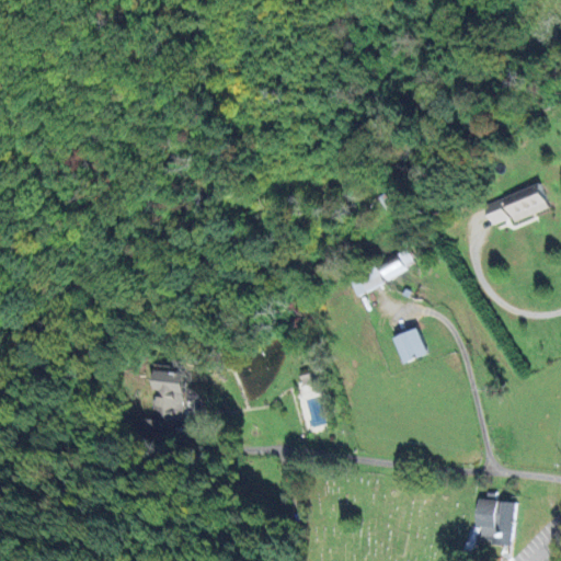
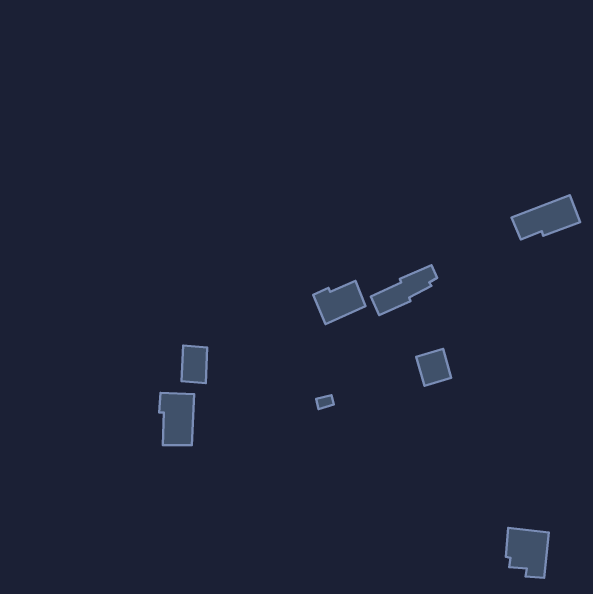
building: none -> [313,281,366,324]
building: none -> [182,345,207,383]

